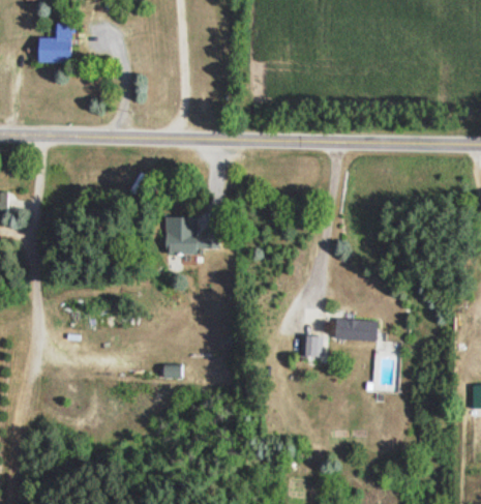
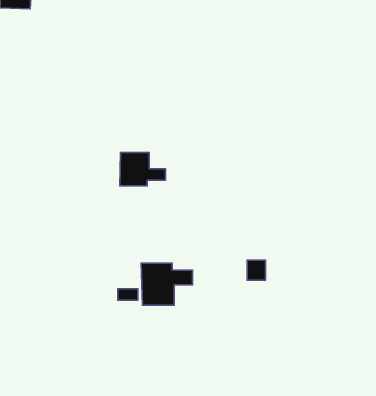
building: [336,320,381,340] -> none
building: none -> [141,263,192,305]

